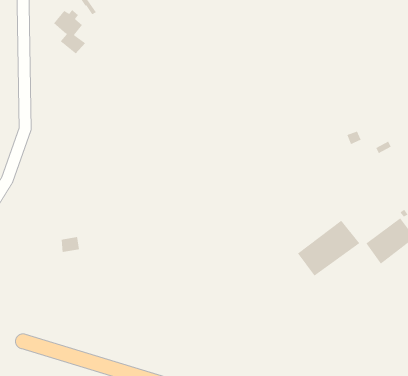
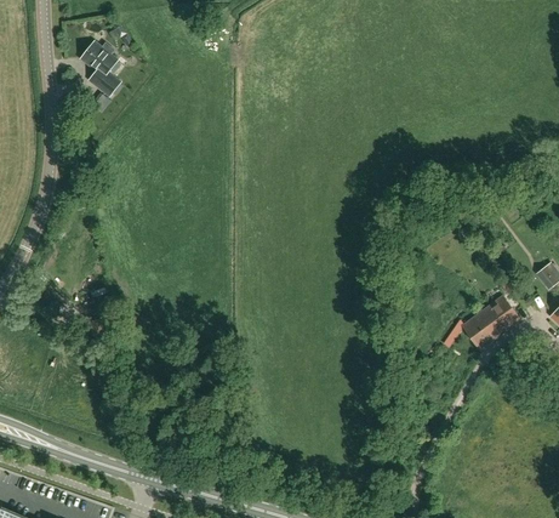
building: [297,220,360,277] -> none

